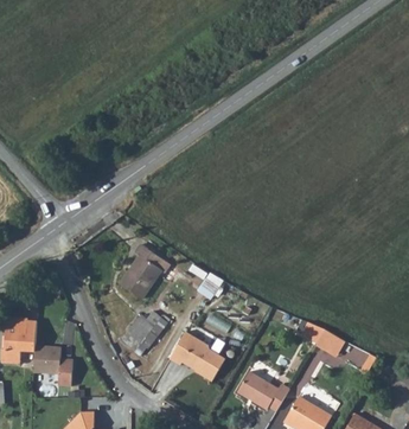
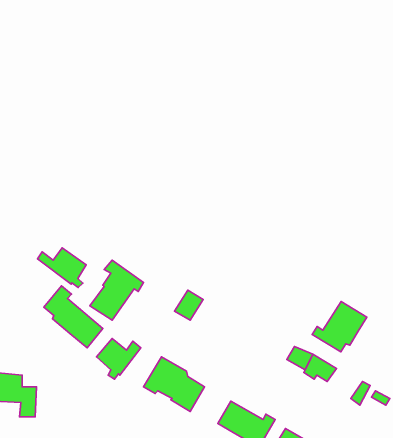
building: none -> [37,248,86,288]
building: none -> [44,286,103,348]
building: none -> [312,302,367,352]

